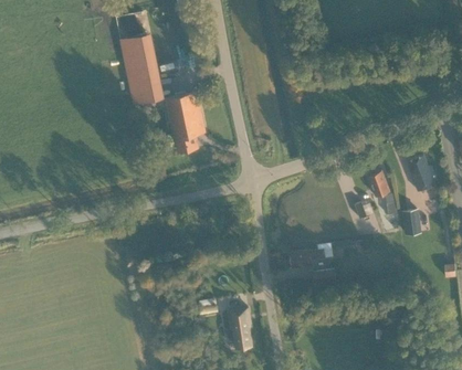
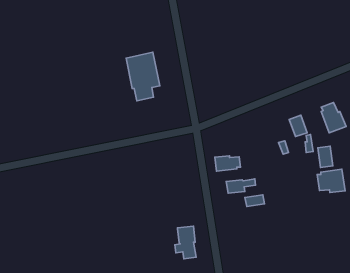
building: [120,34,164,106] -> none
building: none -> [215,156,241,171]
building: none -> [317,169,345,192]

